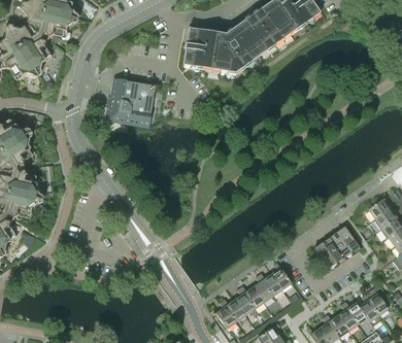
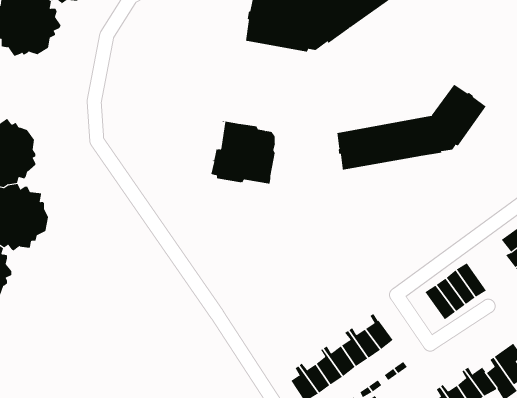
building: [104,78,153,127] -> [211,121,277,187]
building: none -> [337,84,487,170]

